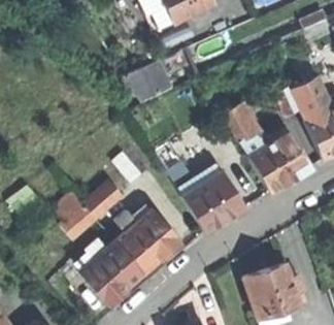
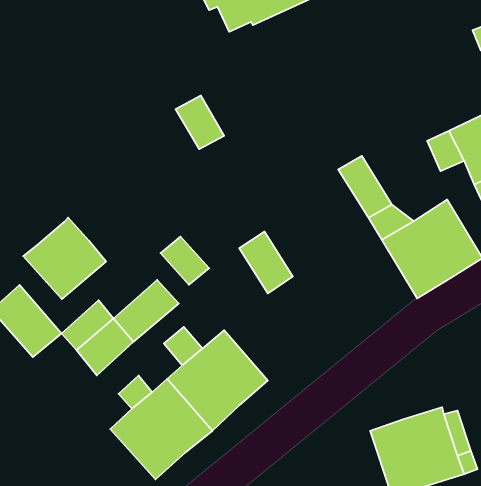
building: none -> [23,218,106,299]
building: [183,174,245,233] -> none

